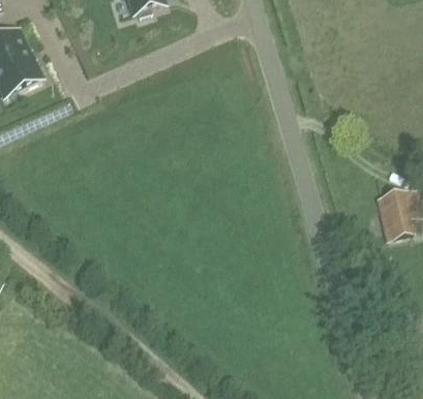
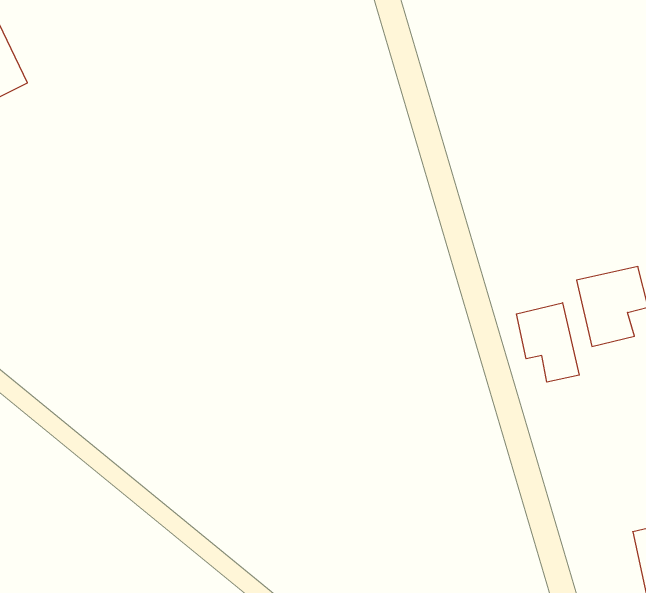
building: none -> [516,303,579,382]

